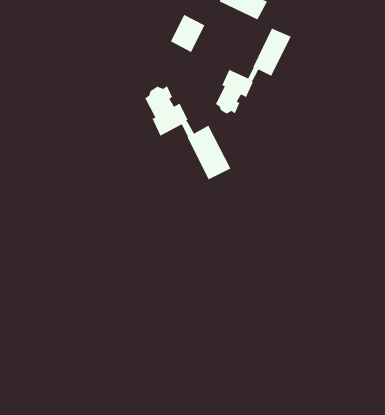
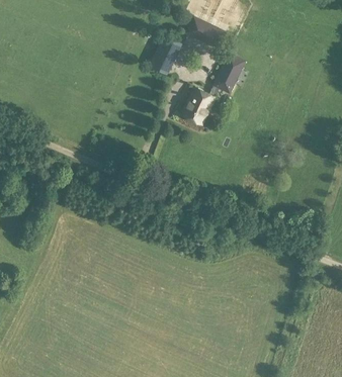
building: [145,85,231,180] -> none

